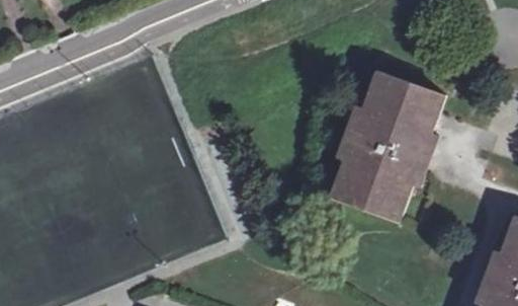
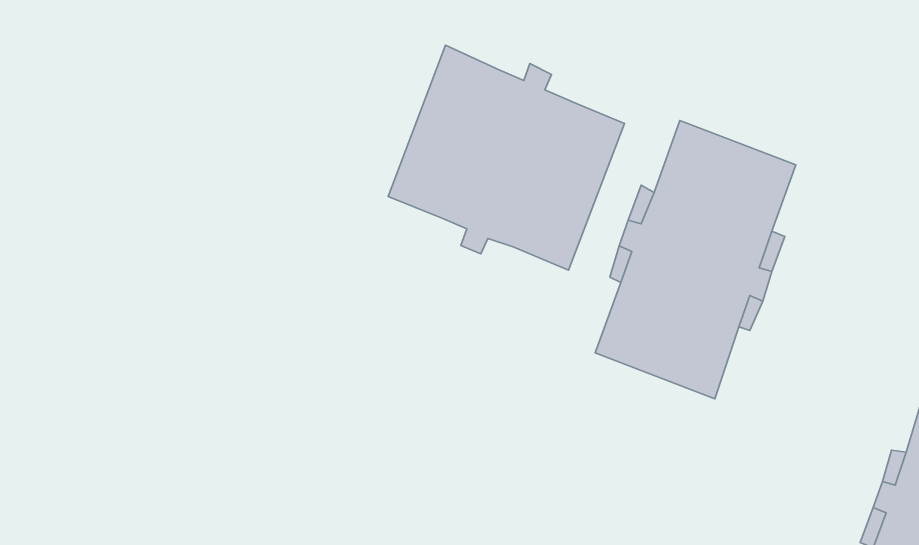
building: none -> [388,45,624,270]

